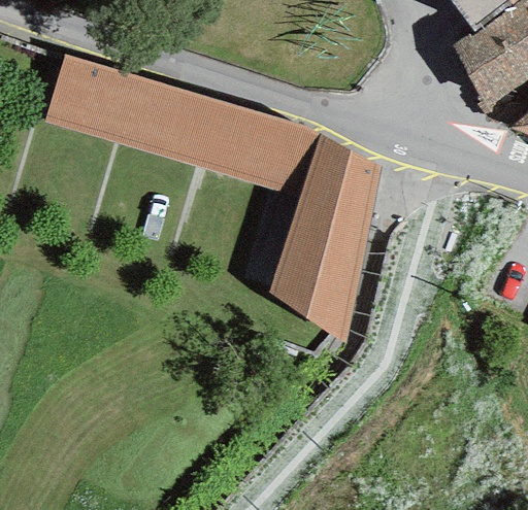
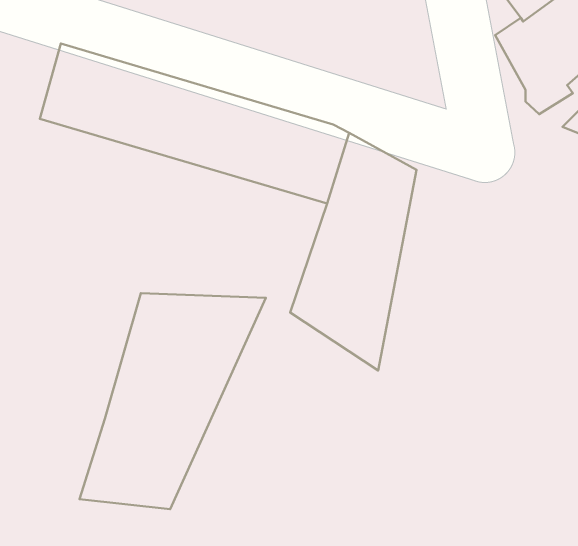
building: none -> [79,293,266,509]

